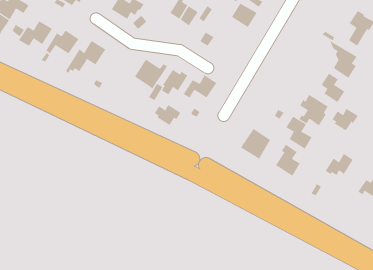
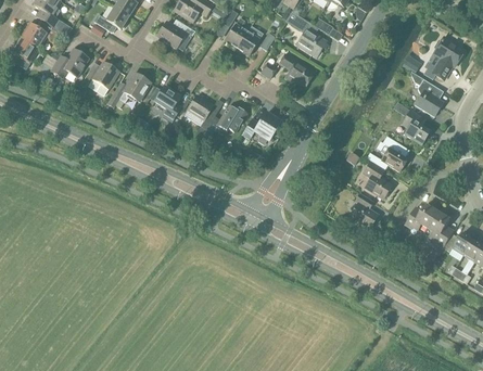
building: none -> [279,51,316,86]
building: none -> [155,86,183,121]
building: [154,104,181,126] -> none
building: [332,108,358,131] -> none
building: [240,128,271,160] -> none
building: none -> [429,210,454,247]

